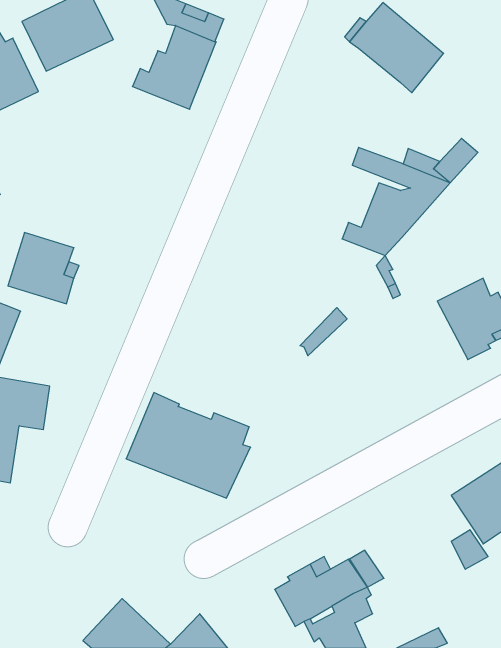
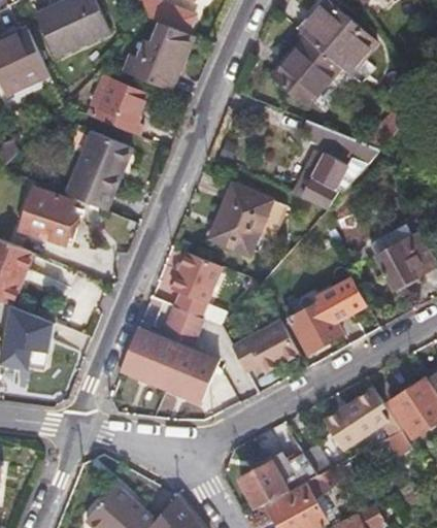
building: none -> [272,39,341,109]
building: none -> [93,80,148,137]
building: none -> [67,133,131,210]
building: none -> [213,187,275,256]
building: none -> [152,242,226,335]
building: none -> [292,276,366,352]
building: none -> [231,316,298,375]
building: none -> [317,389,383,453]

